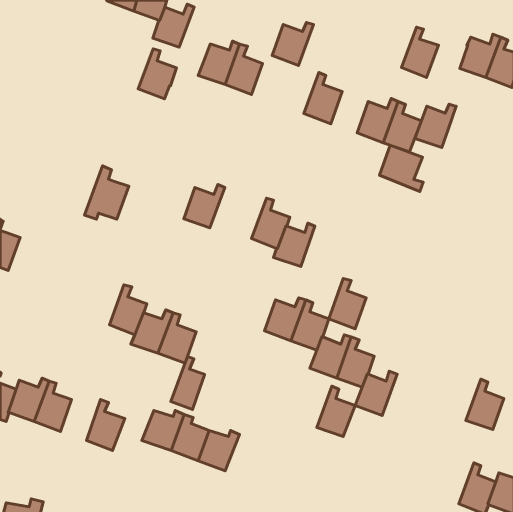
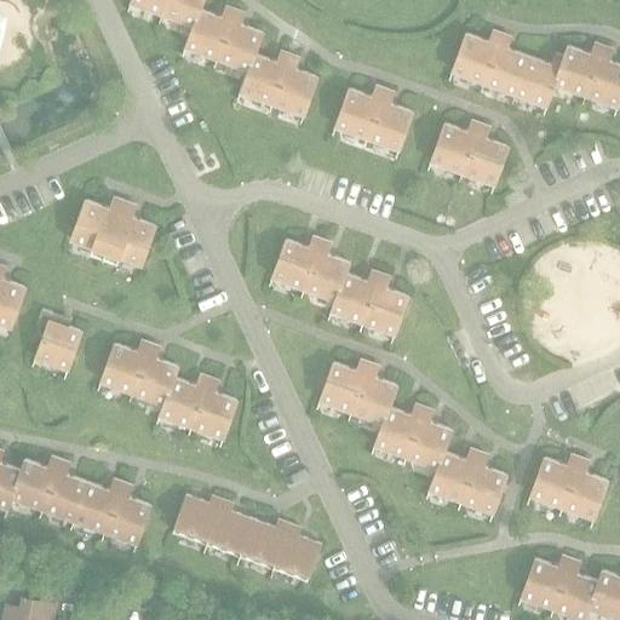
building: [272,22,313,66] -> [335,87,385,139]
building: none -> [452,31,503,84]
building: [138,49,176,99] -> [217,11,263,71]
building: [415,104,456,147] -> [515,54,564,107]
building: [380,145,423,191] -> none
building: none -> [70,199,125,262]
building: [184,185,225,228] -> [272,237,322,289]
building: none -> [35,310,82,371]
building: [329,279,366,329] -> [363,275,408,335]
building: none -> [101,341,150,394]
building: [171,356,205,409] -> none
building: none -> [530,455,580,509]
building: [317,386,355,437] -> [461,453,507,513]
building: none -> [74,481,122,533]
building: none -> [272,526,321,581]
building: none -> [521,557,572,609]

